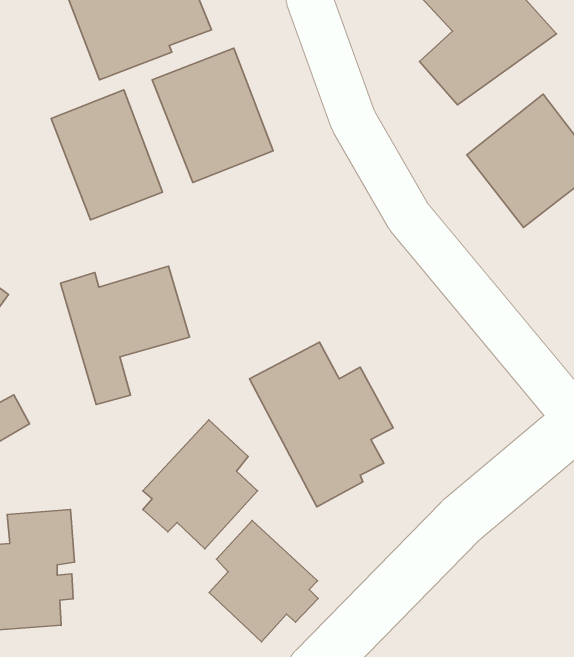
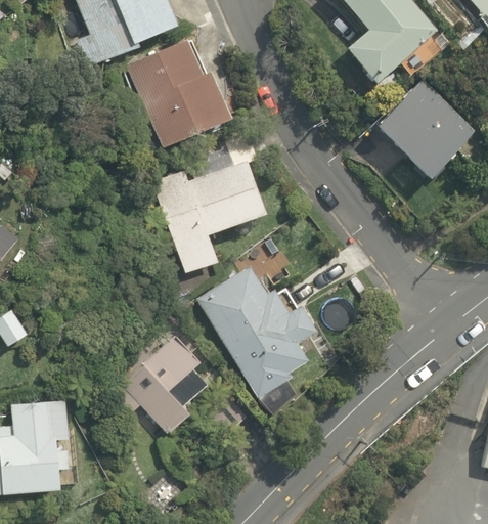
building: [51,90,162,220] -> none
building: [61,266,190,404] -> [159,164,259,271]
building: [209,520,318,642] -> none

